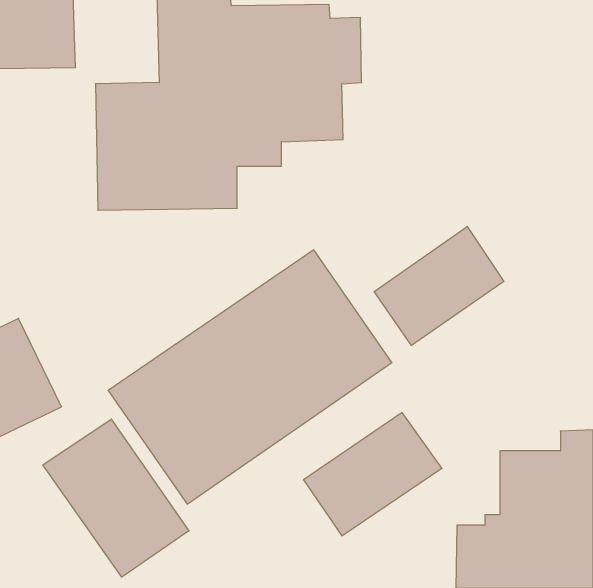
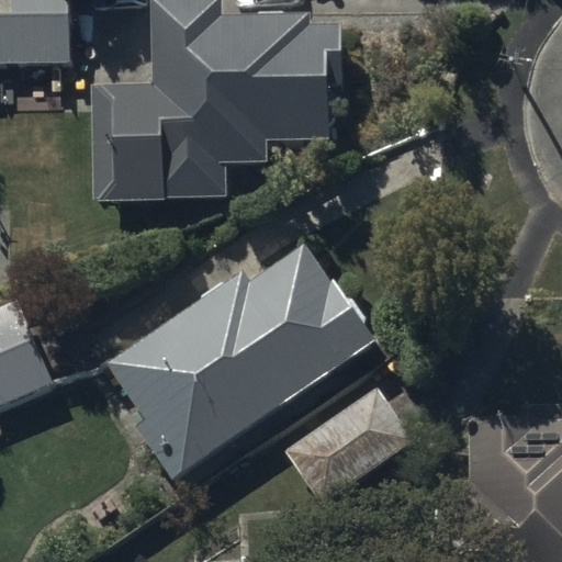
building: [374,226,504,345] -> none
building: [43,419,189,577] -> none

